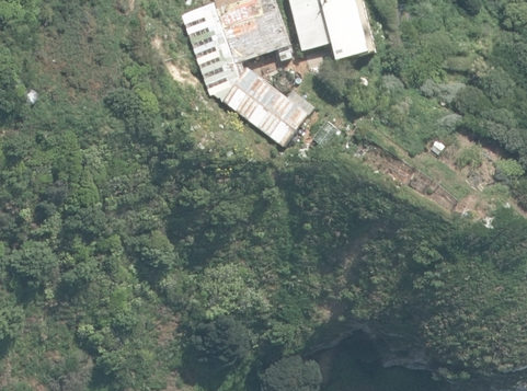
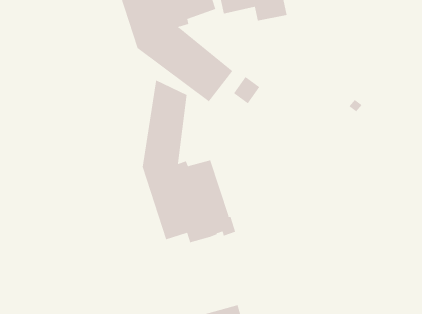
building: none -> [142,79,236,243]

